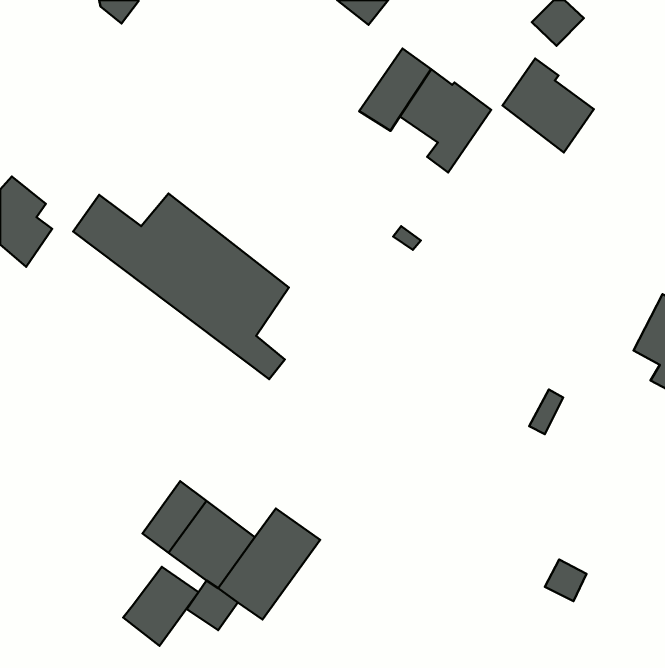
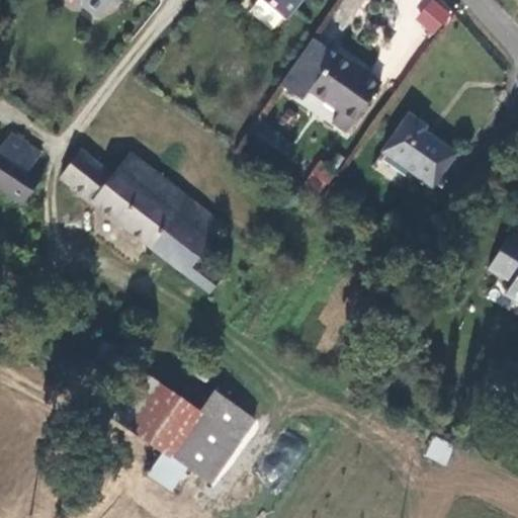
building: [502,58,594,152] -> [384,113,455,186]
building: [123,567,198,646] -> none

